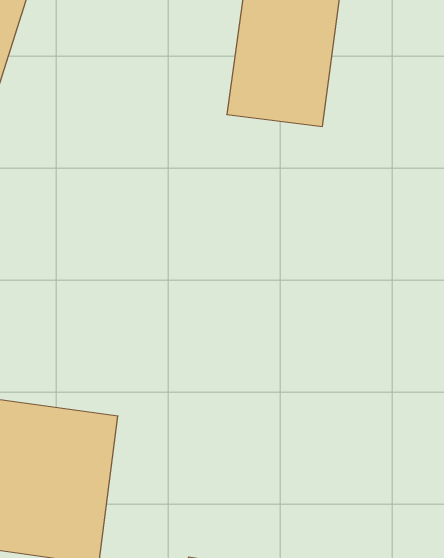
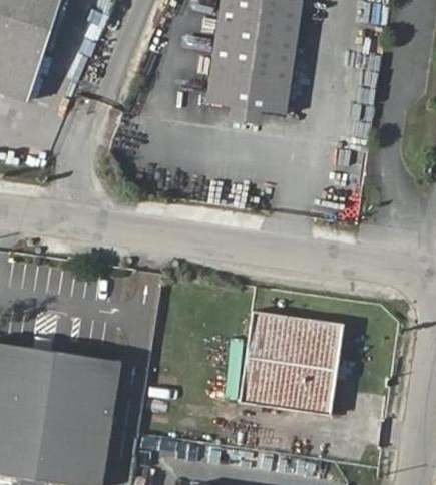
building: none -> [239,313,339,416]

